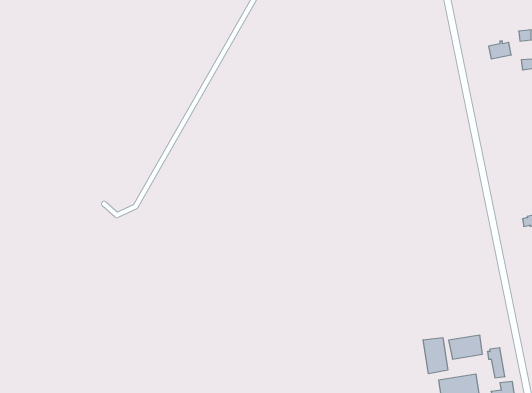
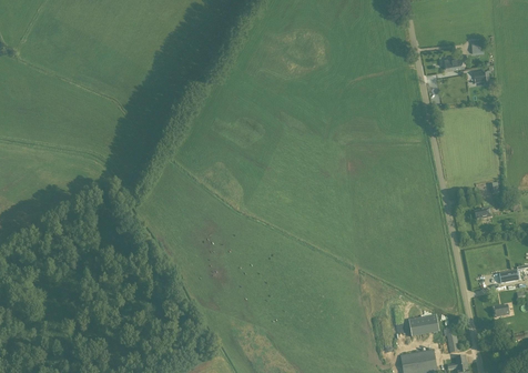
building: [423,338,448,374] -> none

